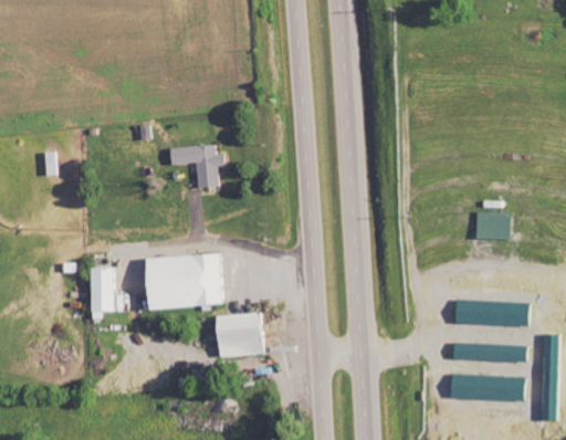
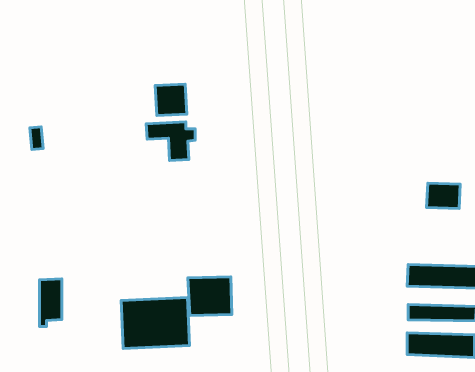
building: none -> [155,84,187,116]
building: [148,254,222,310] -> [121,298,190,349]
building: [92,268,116,319] -> [39,279,62,327]

